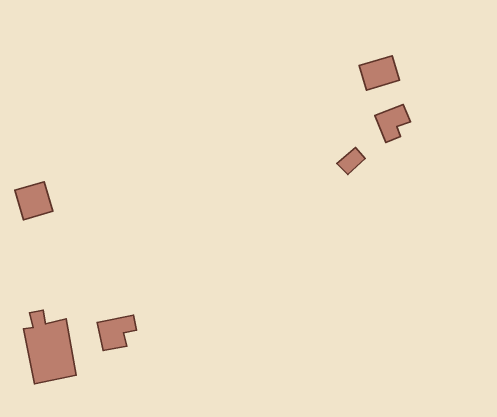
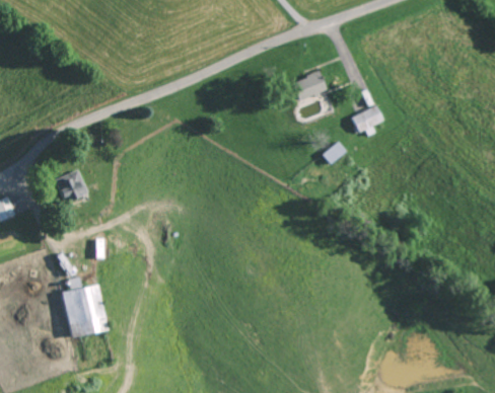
building: [359,56,400,90] -> [292,72,326,100]
building: [97,315,136,350] -> none

